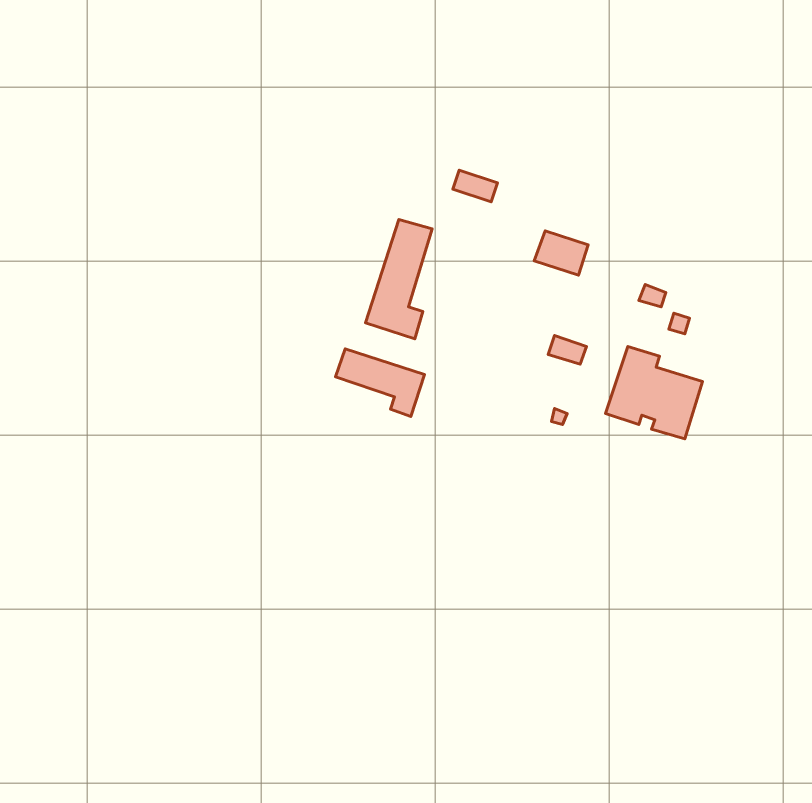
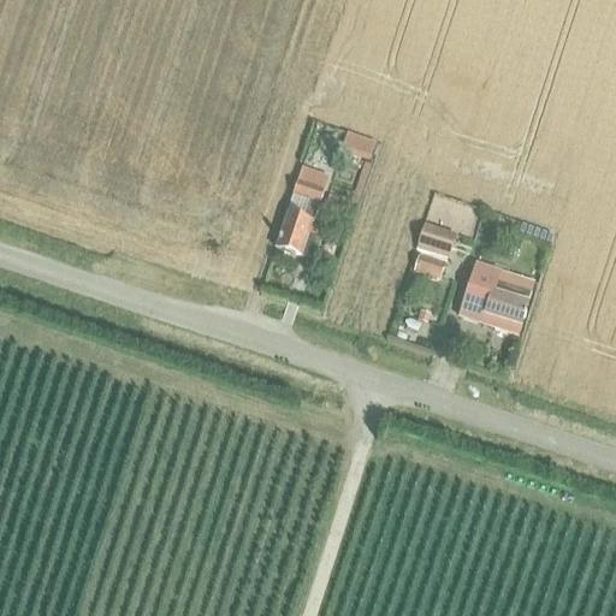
building: [534,231,588,275] -> [416,221,457,255]
building: [335,349,424,416] -> none

